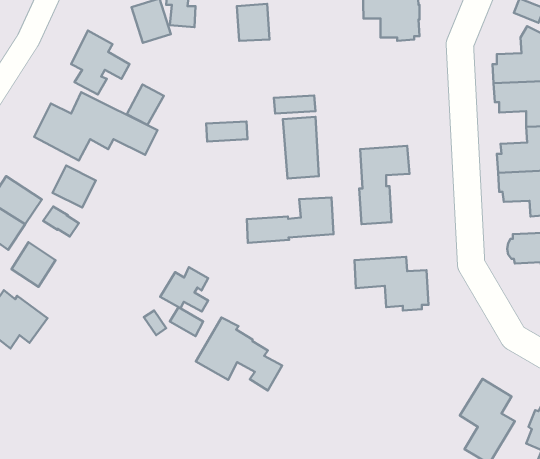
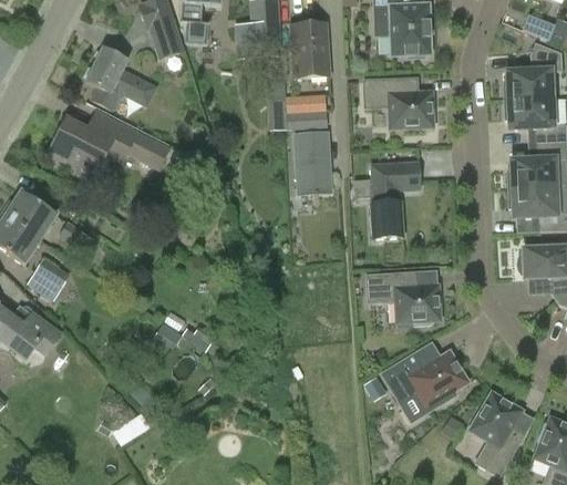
building: none -> [290,22,329,76]
building: none -> [363,76,432,126]
building: [127,84,164,125] -> none
building: [206,121,247,142] -> [285,93,326,113]
building: [52,166,96,208] -> none
building: [247,197,334,243] -> none
building: [160,267,208,312] -> none
building: [196,317,282,391] -> none
building: none -> [382,350,468,406]

